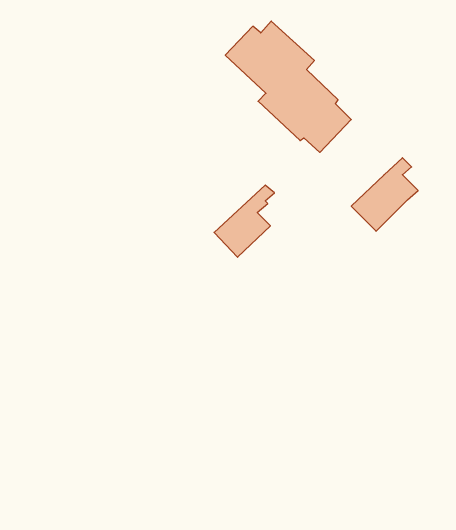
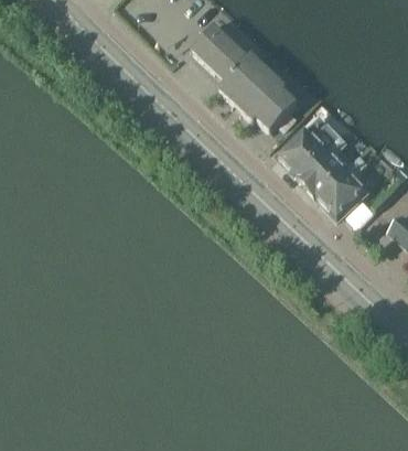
building: none -> [318,154,367,216]
building: [214,185,274,257] -> [277,114,328,174]

